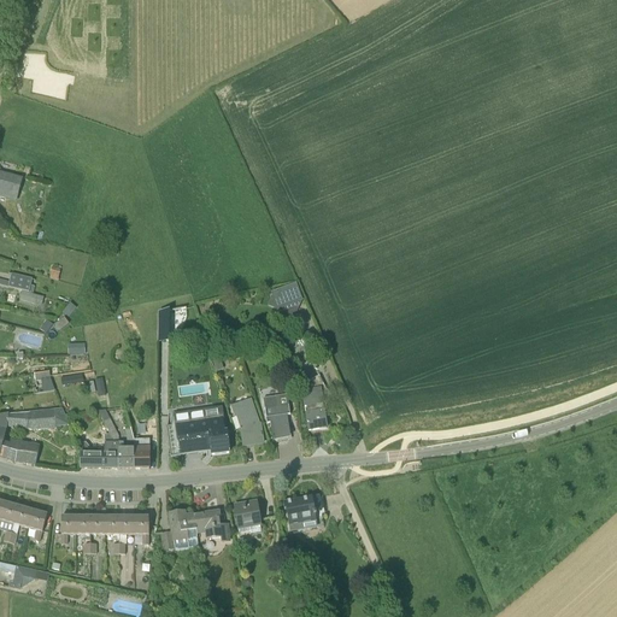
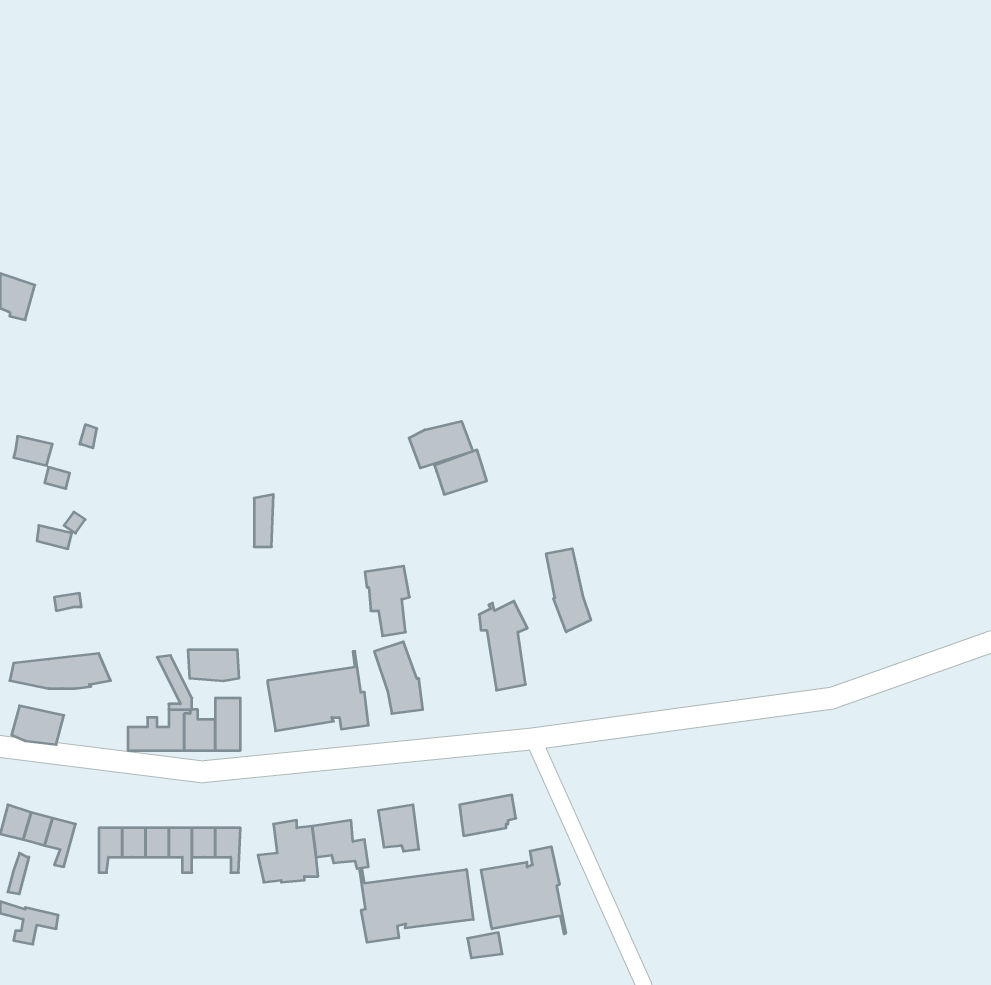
building: none -> [409,421,473,468]
building: none -> [546,549,591,632]
building: [263,393,290,436] -> [365,566,410,636]
building: none -> [188,650,239,681]
building: none -> [481,847,566,934]
building: none -> [359,868,473,942]

